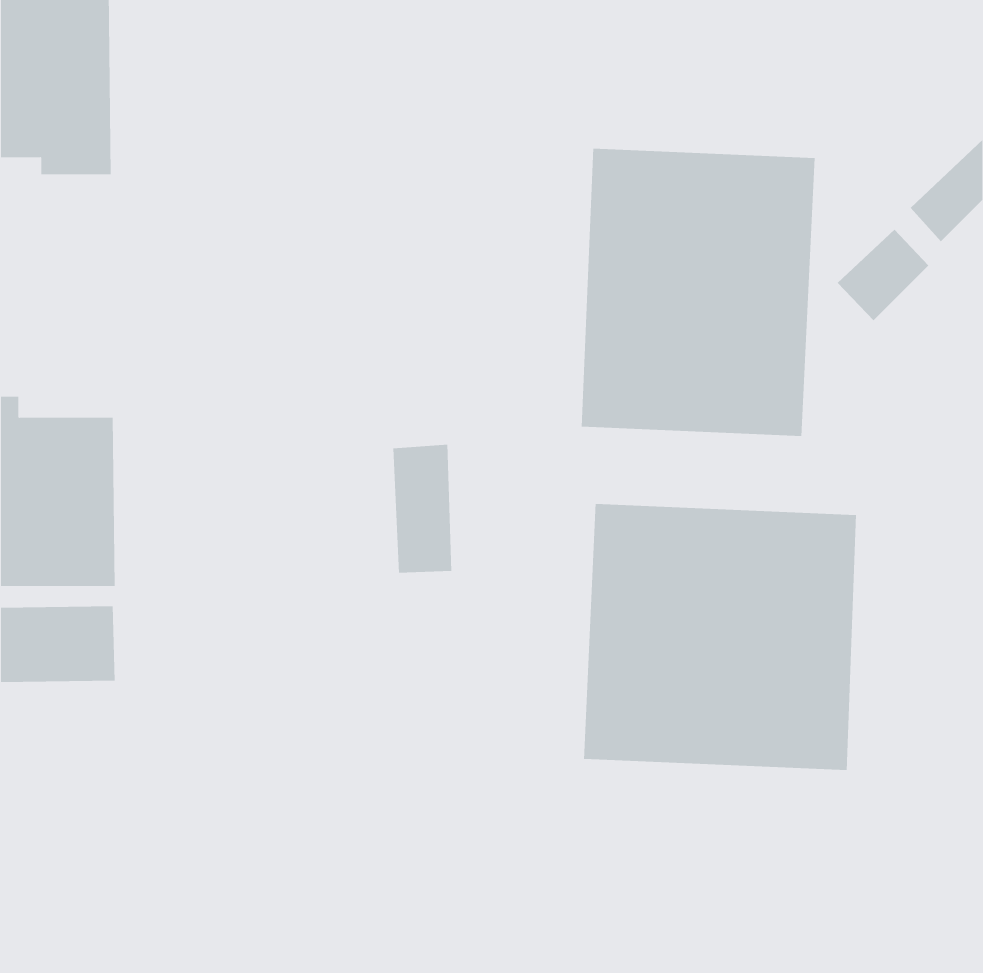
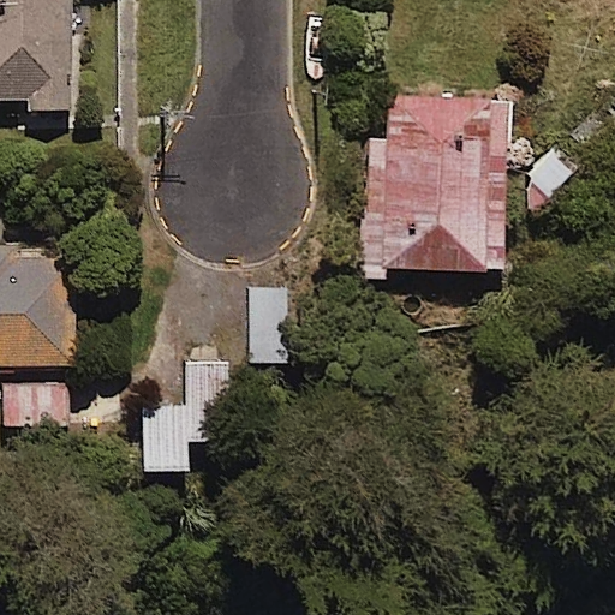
building: [584,503,857,771] -> none
building: none -> [141,360,227,473]

